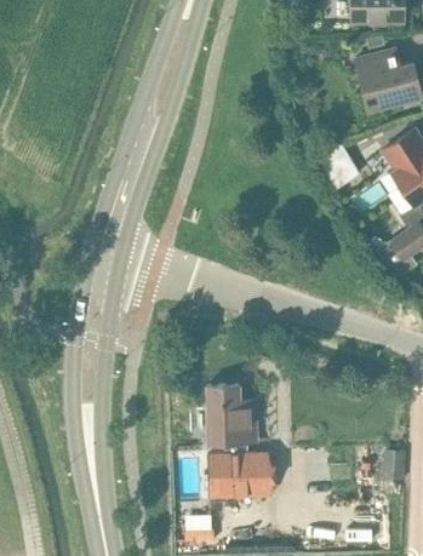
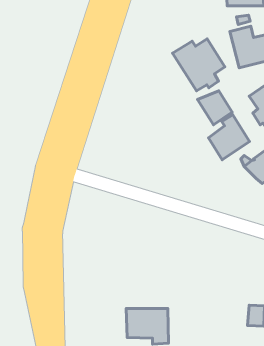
building: none -> [172,39,225,91]
building: none -> [208,115,250,160]
building: [206,384,257,443] -> none

